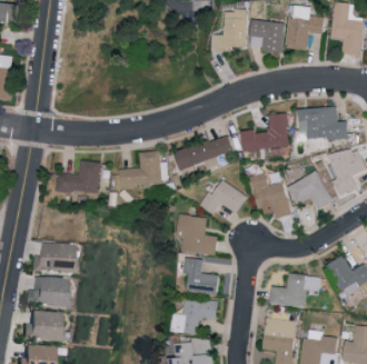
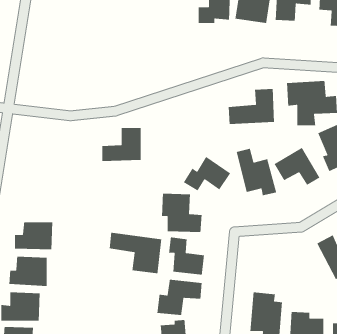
building: [175,136,231,168] -> none
building: [54,160,98,193] -> none
building: none -> [109,232,162,274]
building: [270,273,319,306] -> none

